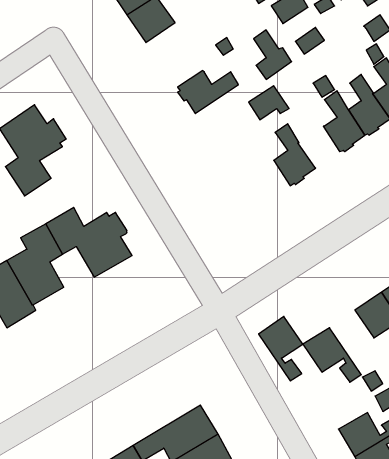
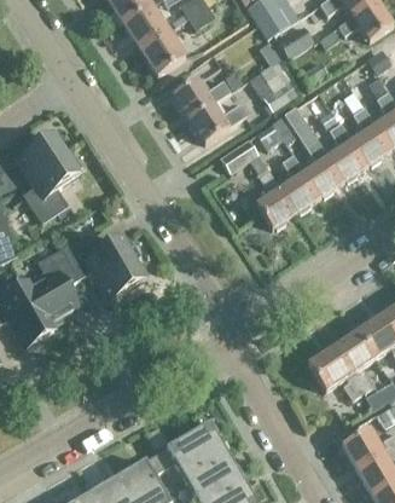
building: none -> [173,77,231,117]
building: none -> [285,106,343,195]
building: none -> [221,140,296,227]
building: [259,316,303,381] -> [333,330,376,392]

